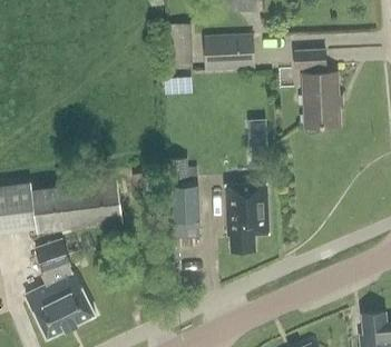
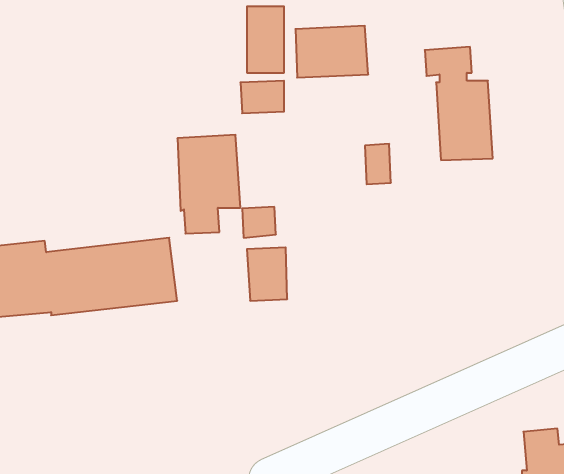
building: [225,184,268,251] -> [177,135,240,234]
building: [26,239,95,338] -> none

